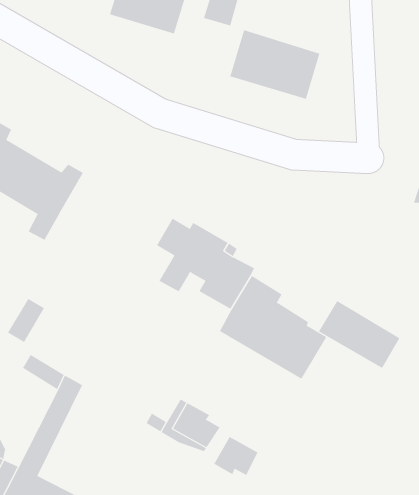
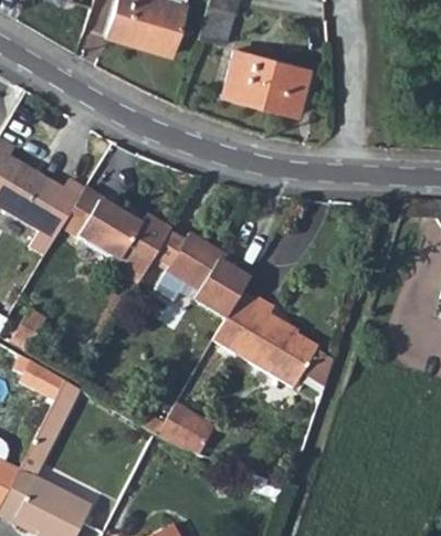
building: none -> [60,187,169,282]
building: [318,300,400,369] -> none
building: [214,436,258,476] -> none

